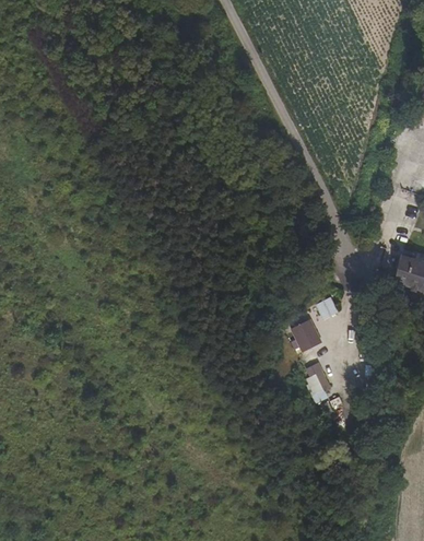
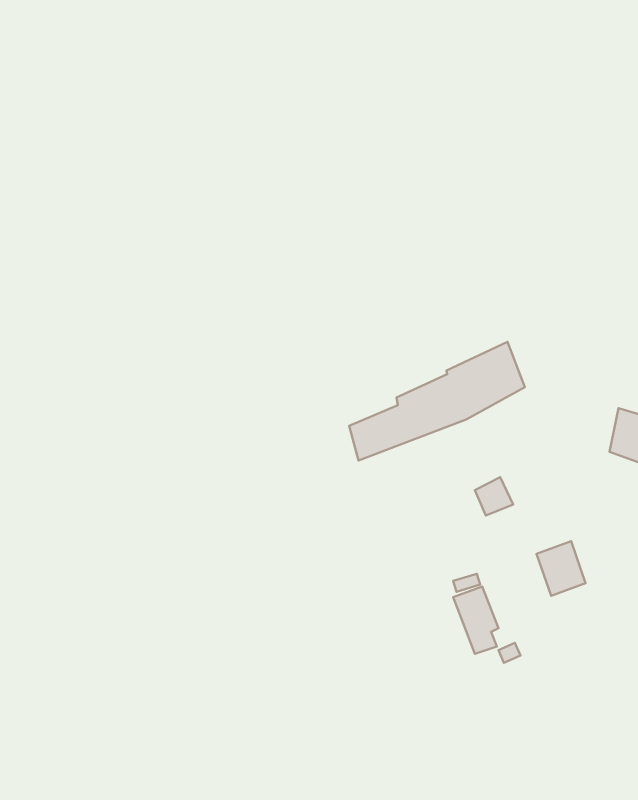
building: none -> [349,342,525,461]
building: [292,319,321,352] -> [537,541,586,596]

